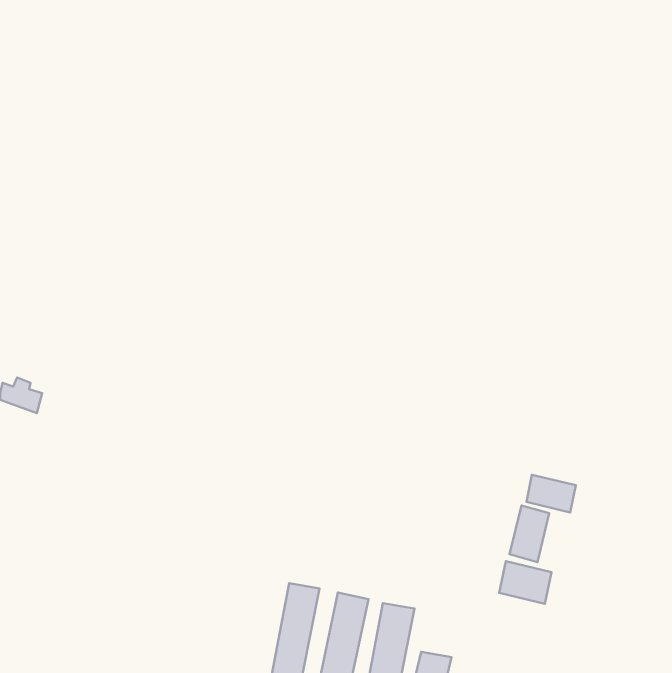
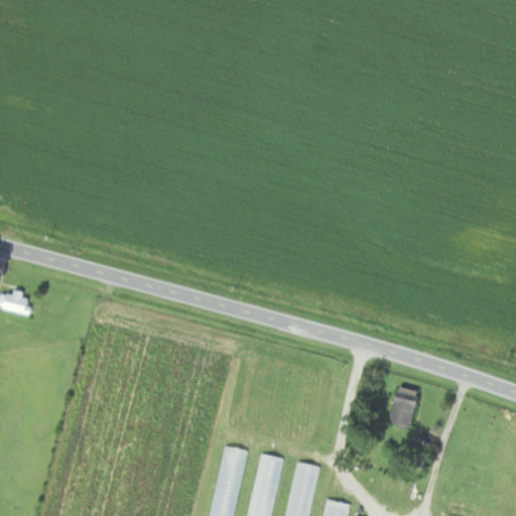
building: [526,475,576,512] -> none
building: [499,561,551,604] -> none

